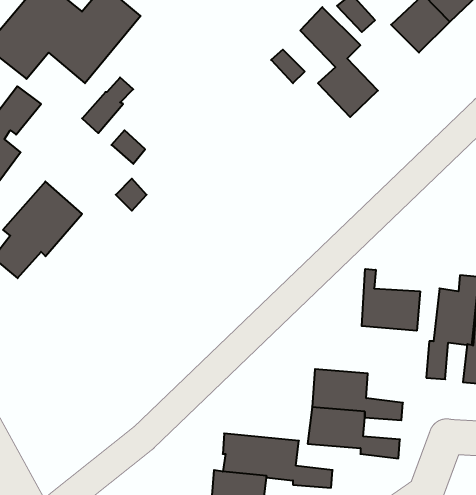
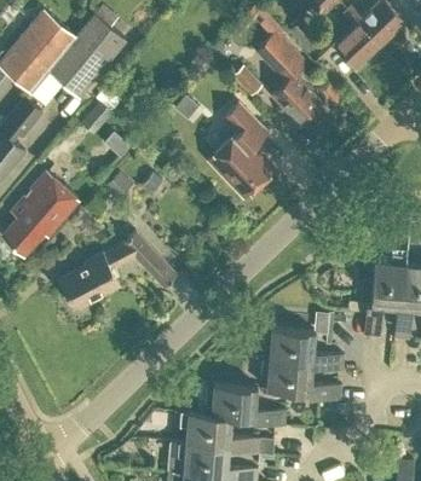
building: none -> [209,102,277,197]
building: none -> [58,232,175,309]
building: [362,269,420,331] -> none

